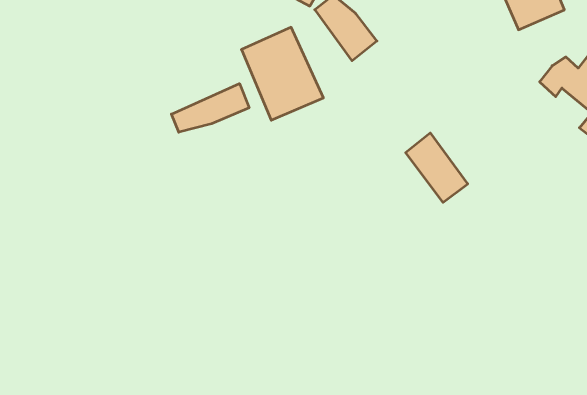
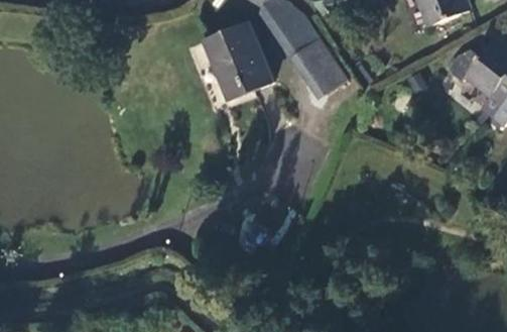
building: [171,84,249,132] -> none
building: [406,133,468,202] -> [294,35,345,92]

